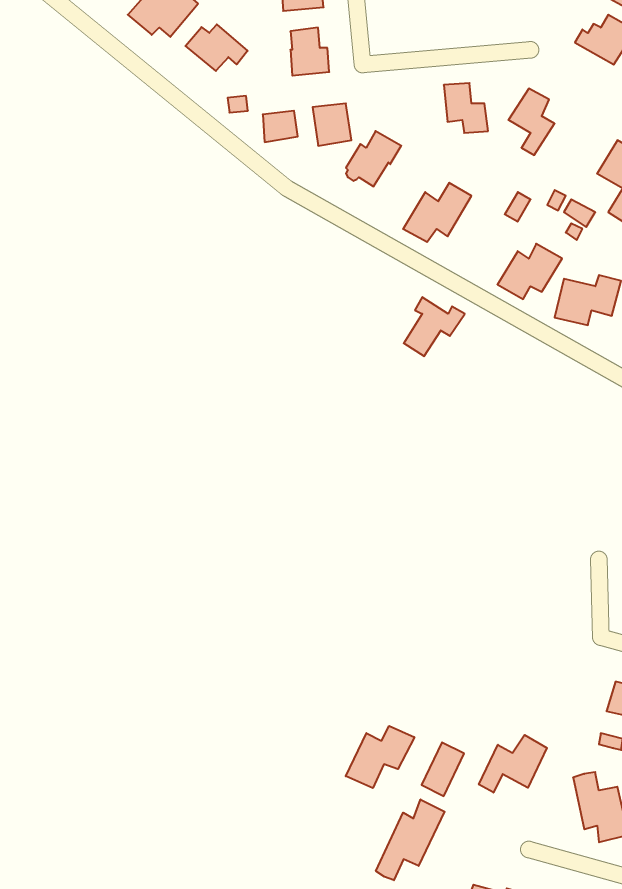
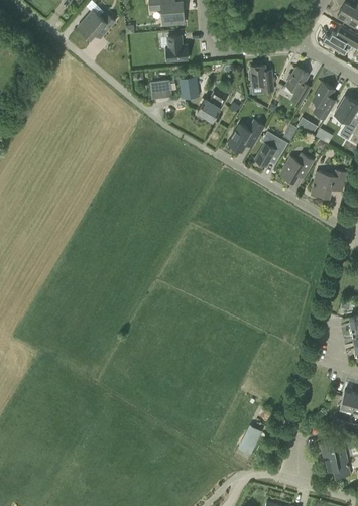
building: [185,24,248,71] -> none
building: none -> [313,83,337,119]
building: [404,297,465,356] -> [255,134,288,166]
building: [346,726,414,788] -> none
building: [479,735,547,793] -> none
building: [376,799,445,880] -> none

